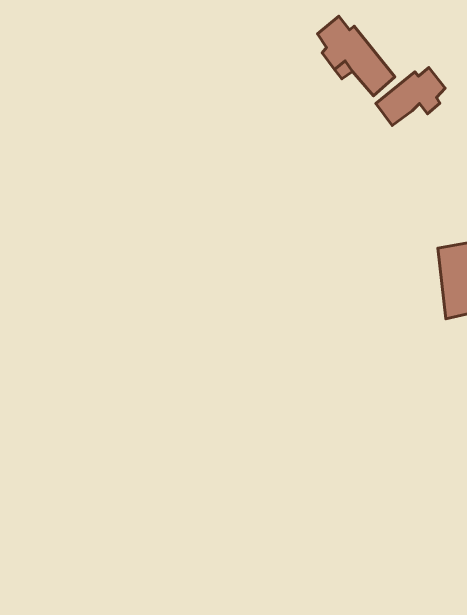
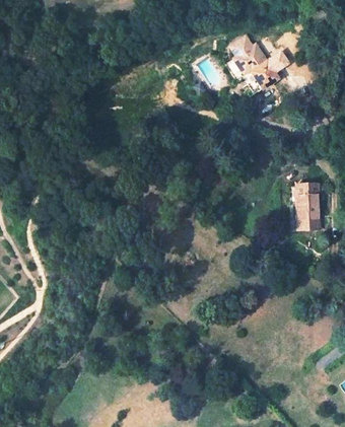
building: [376,67,445,126] -> none

